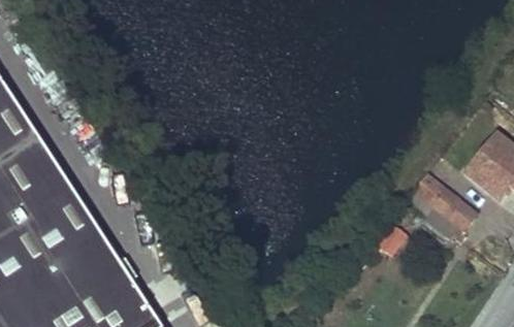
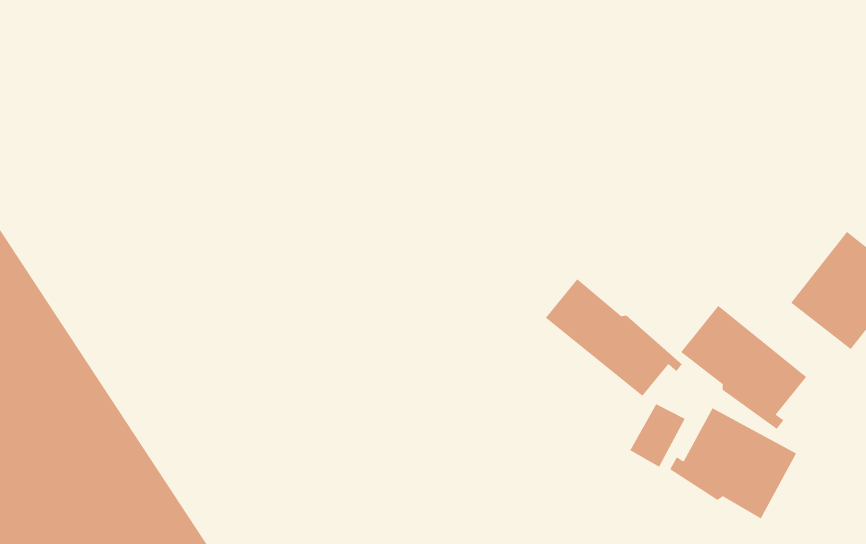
building: none -> [545,278,683,397]
building: none -> [669,407,797,520]

